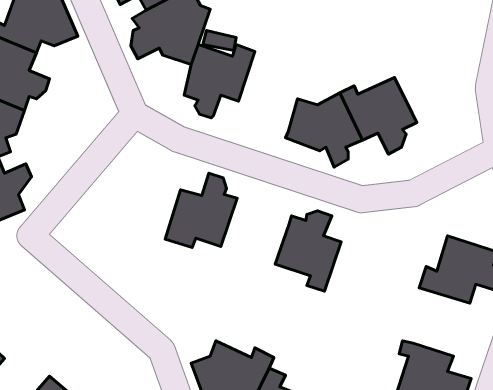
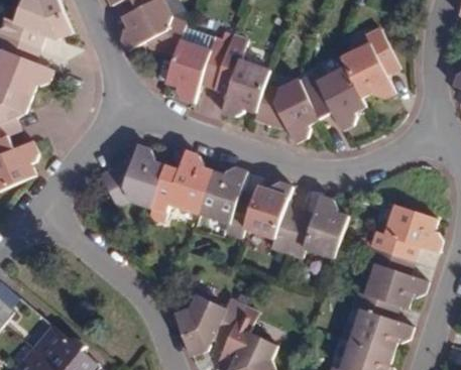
building: none -> [343,33,398,100]
building: none -> [214,46,269,117]
building: none -> [101,147,164,207]
building: none -> [199,166,257,237]
building: none -> [287,197,350,257]
building: none -> [363,248,427,310]

